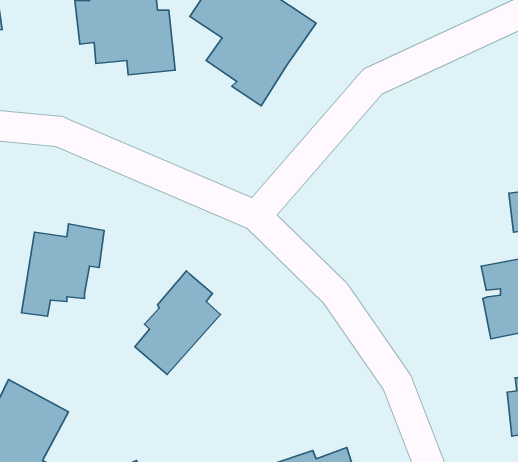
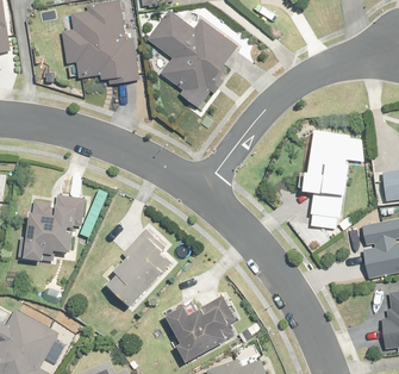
building: none -> [303,130,370,229]
building: none -> [164,295,233,362]

